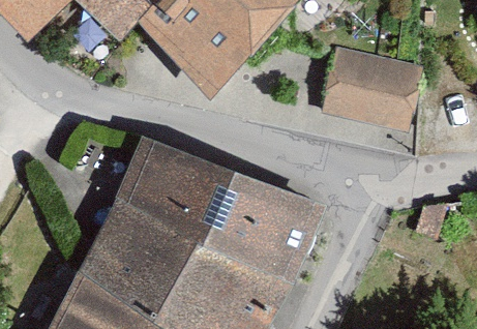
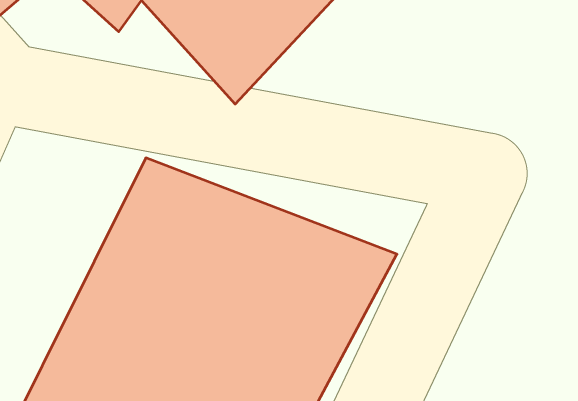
building: [322,48,421,130] -> none

